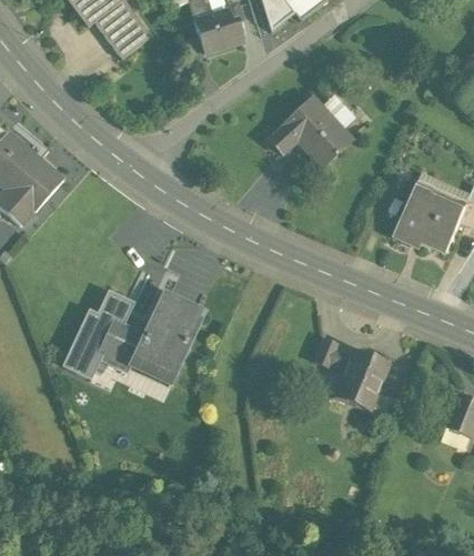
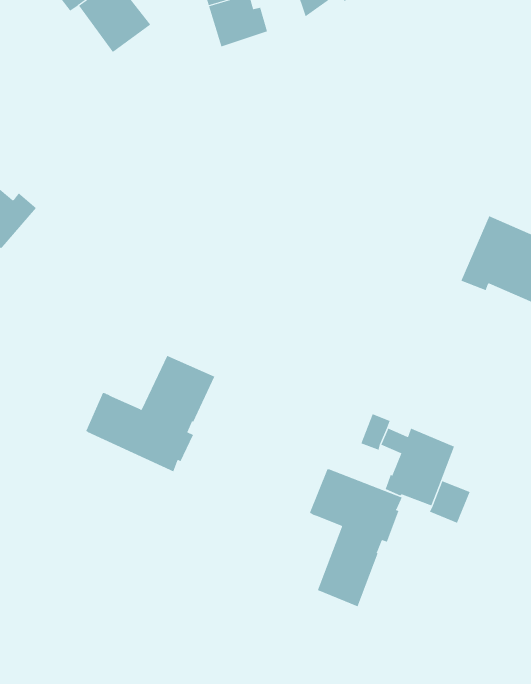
building: [270,95,351,164] -> none
building: [65,291,129,376] -> none
building: none -> [309,468,403,607]

